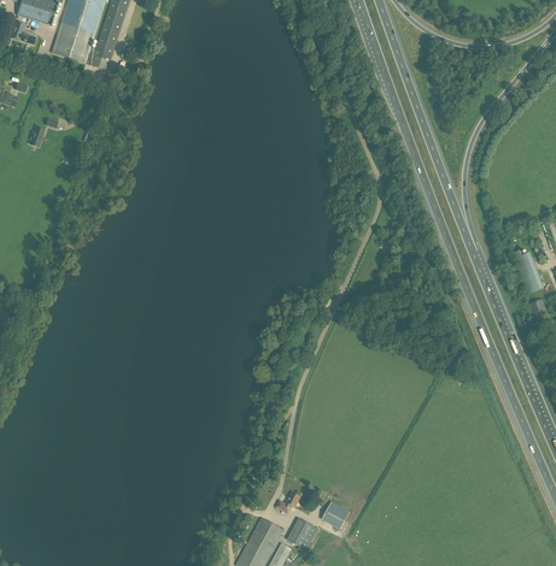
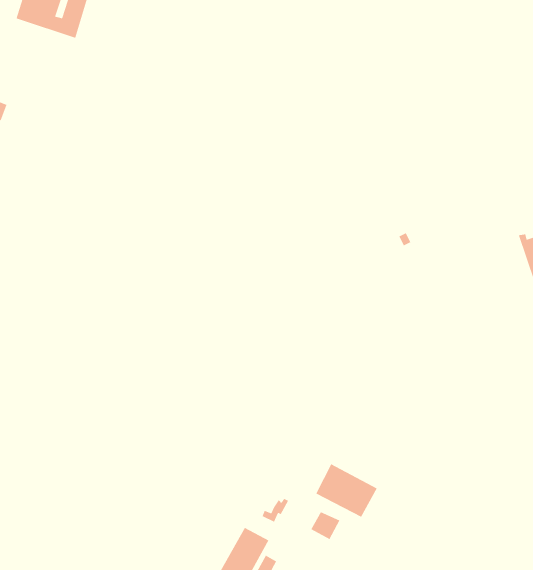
building: none -> [315,463,378,518]
building: [287,517,317,548] -> none

